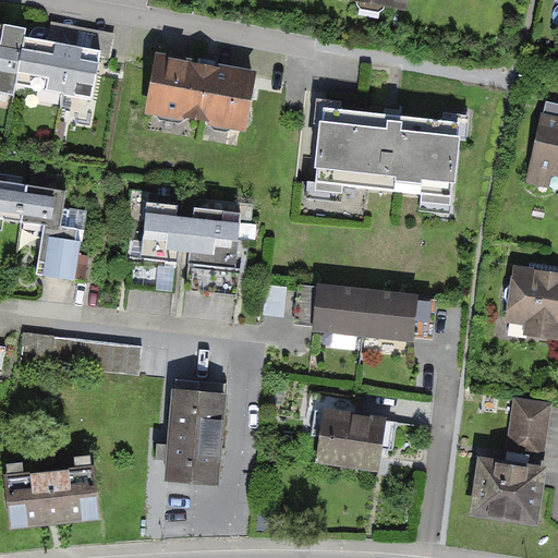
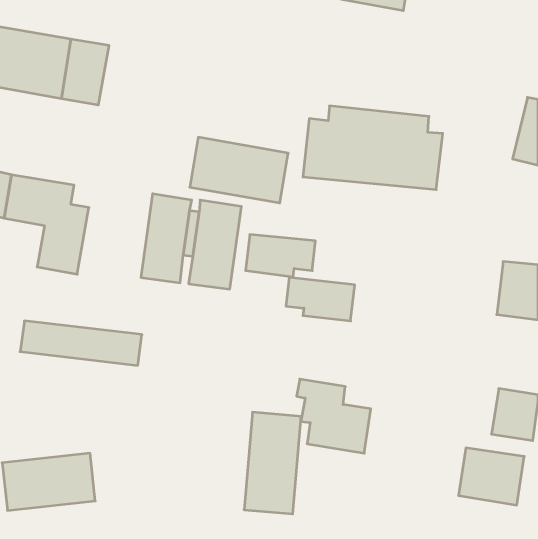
building: [148,58,250,125] -> [190,137,288,203]
building: [361,293,433,337] -> [246,235,315,277]
building: [165,378,223,483] -> [244,412,301,514]

